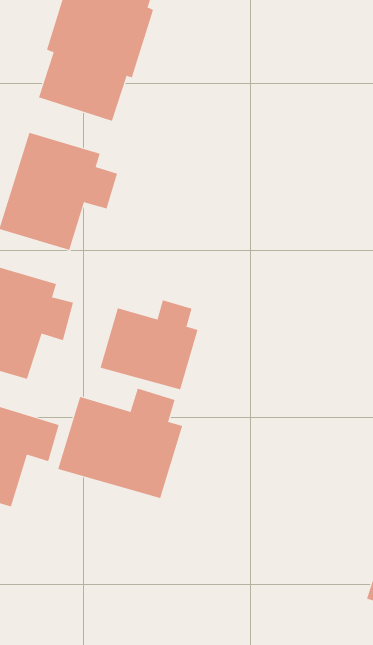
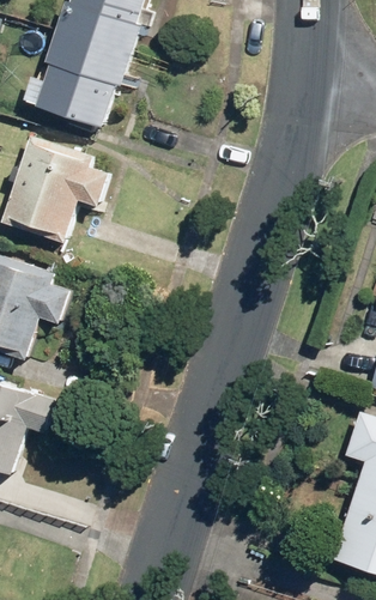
building: [100,300,198,390] -> none
building: [58,388,183,499] -> none

